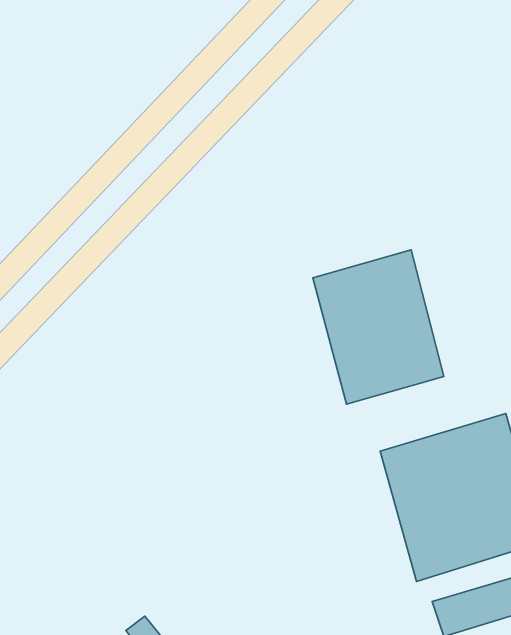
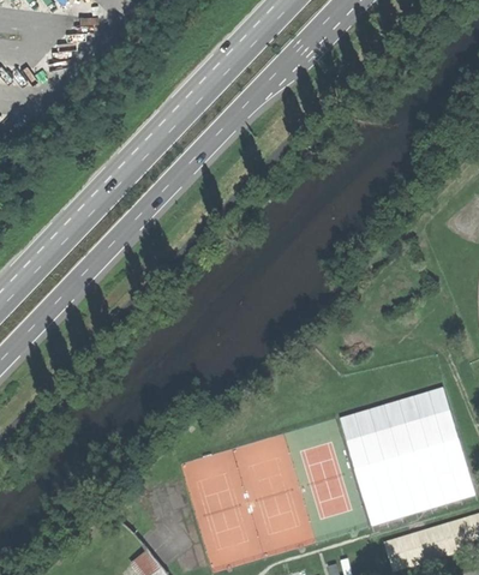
building: [313,250,444,404] -> none

